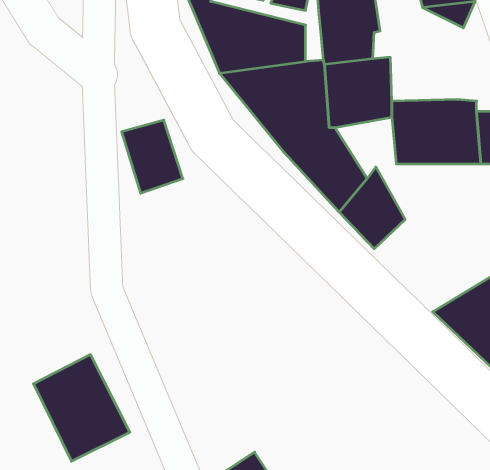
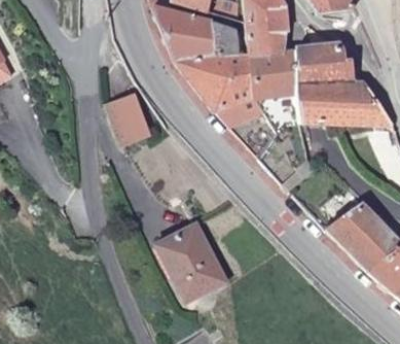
building: none -> [296,44,343,80]
building: [33,355,130,461] -> [153,227,221,302]

